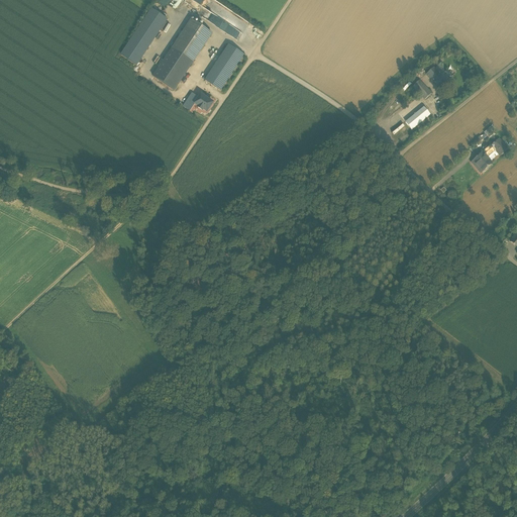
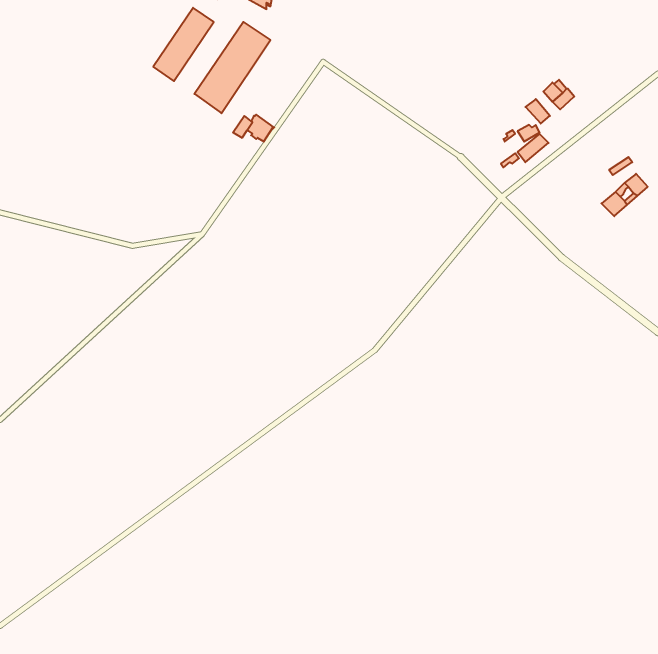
building: [204,41,244,89] -> none

